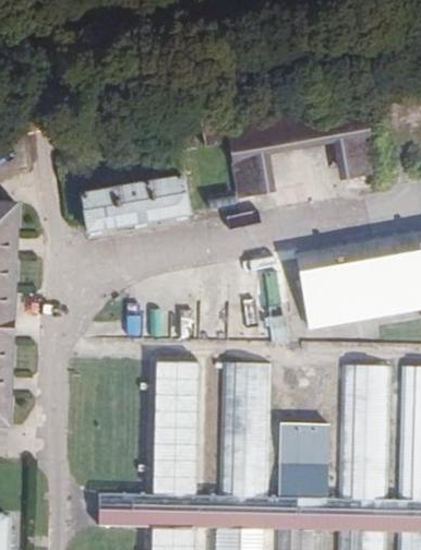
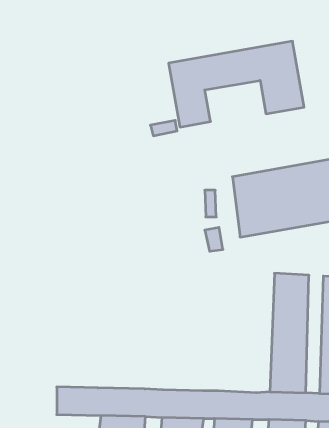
building: [83,178,187,236] -> none
building: [145,362,202,497] -> none
building: [219,364,269,499] -> none
building: [282,423,328,501] -> none

